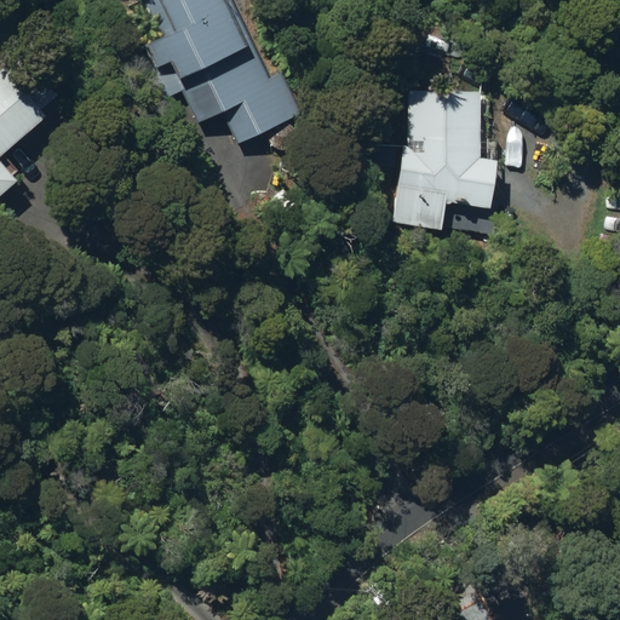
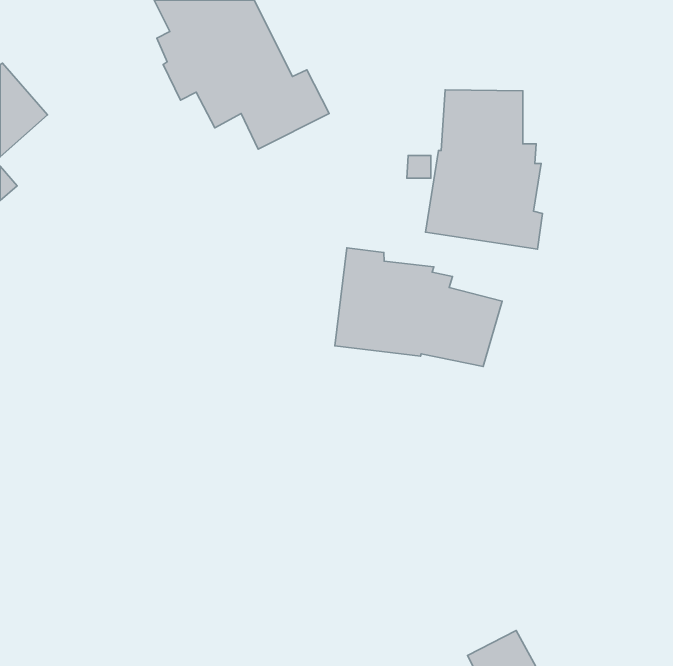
building: none -> [335,248,502,366]

